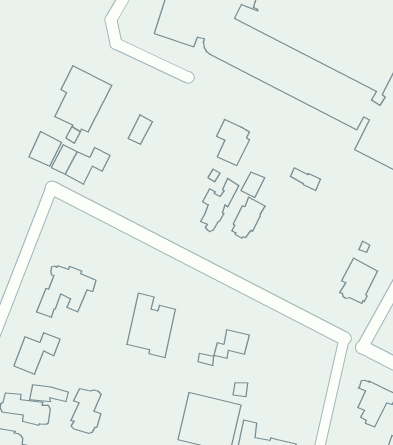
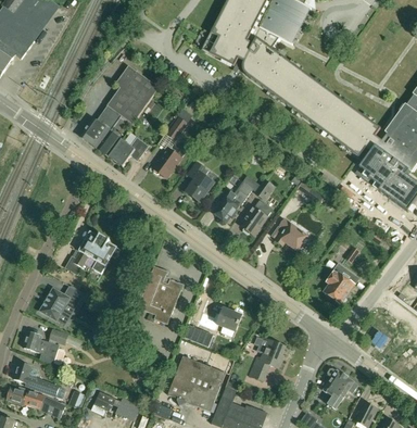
building: [217,119,250,165] -> [186,161,216,201]
building: none -> [153,147,182,177]
building: none -> [271,218,311,249]
building: none -> [249,339,286,380]
building: [71,389,101,433] -> none

